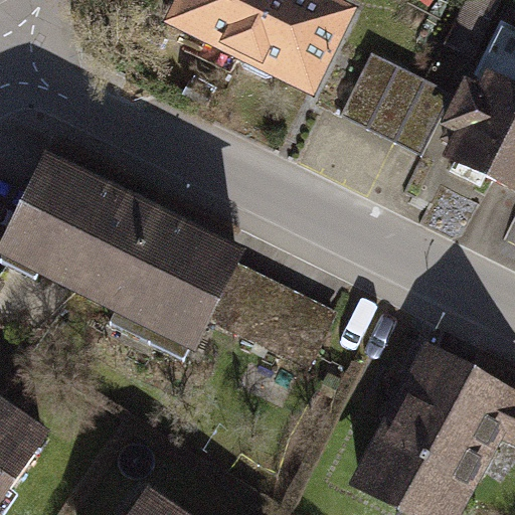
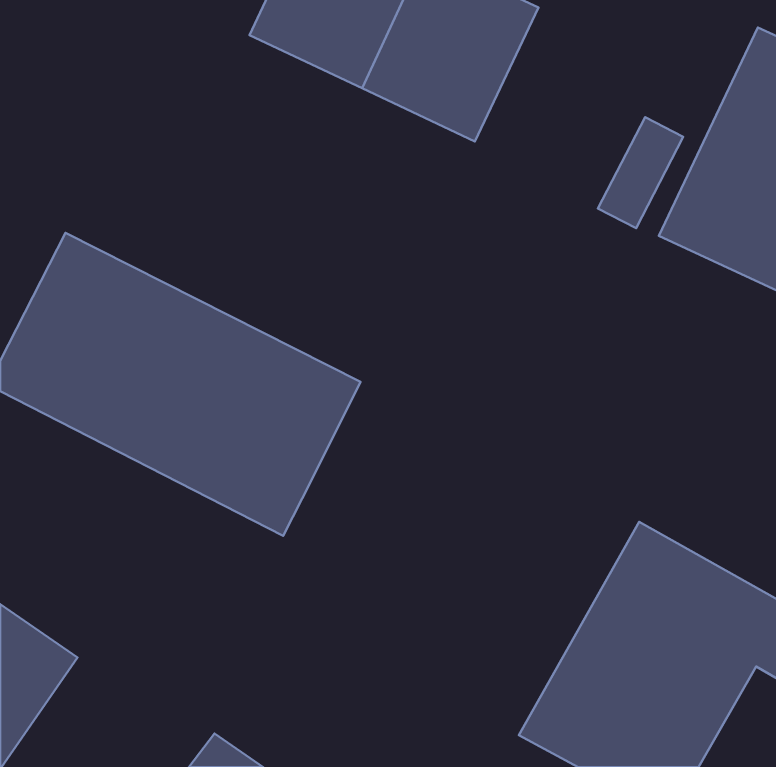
building: [341,49,427,138] -> none
building: [207,252,344,369] -> none

